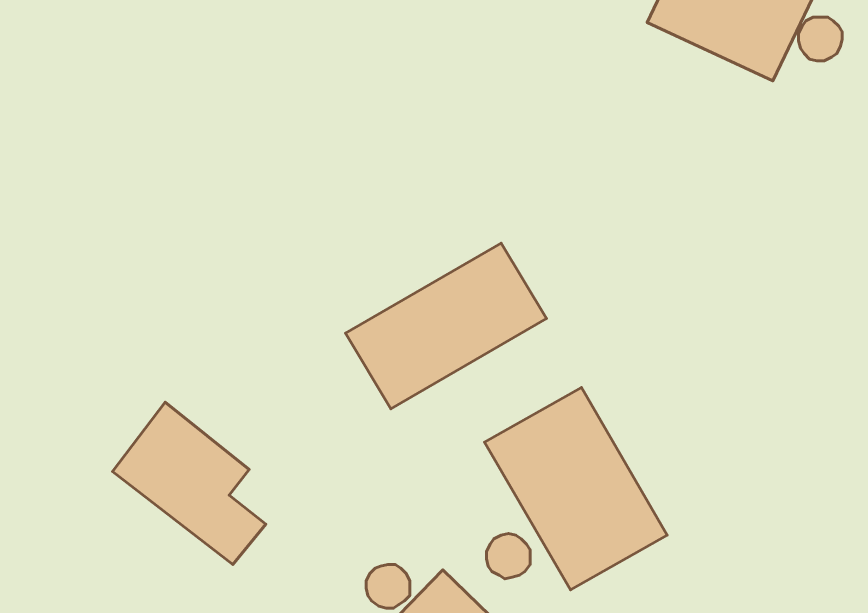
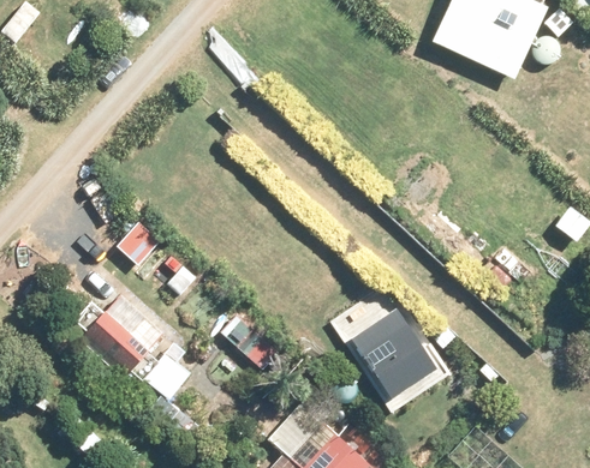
building: [346,243,546,409] -> none

